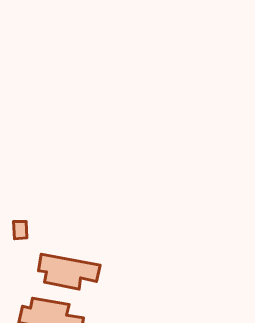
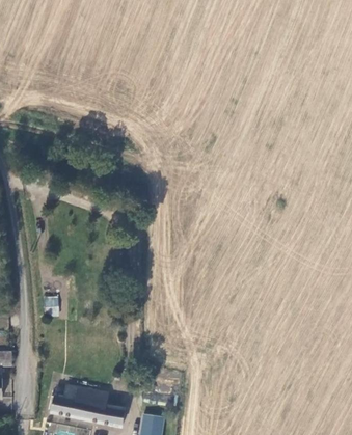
building: [39,254,100,289] -> none

